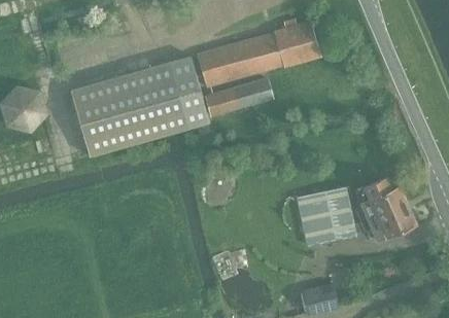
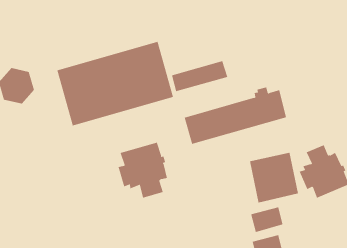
building: [197,19,318,86] -> [184,87,287,145]
building: none -> [118,142,168,199]
building: none -> [250,206,283,233]

